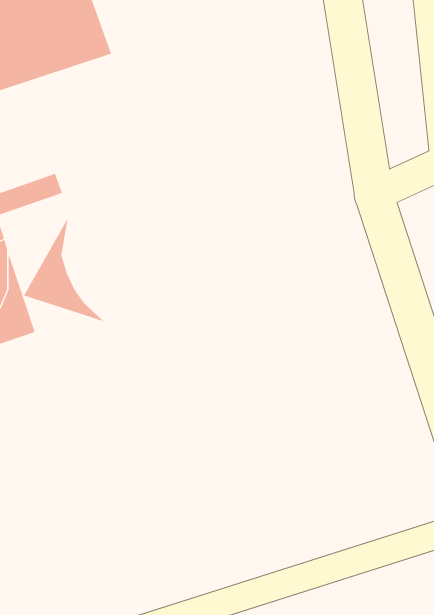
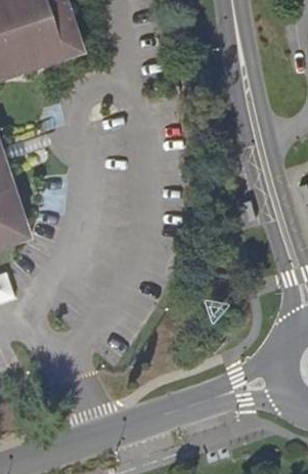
building: [23,216,106,322] -> none

